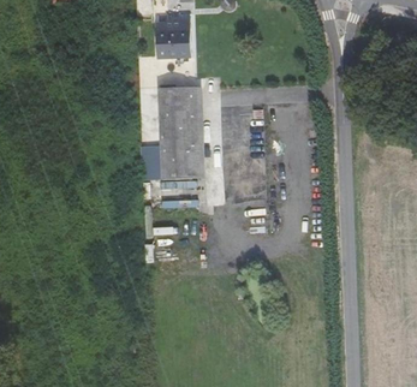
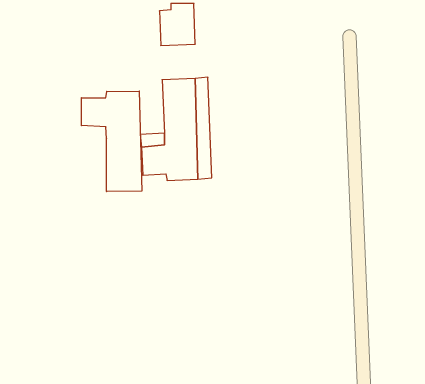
building: none -> [81,91,142,192]

